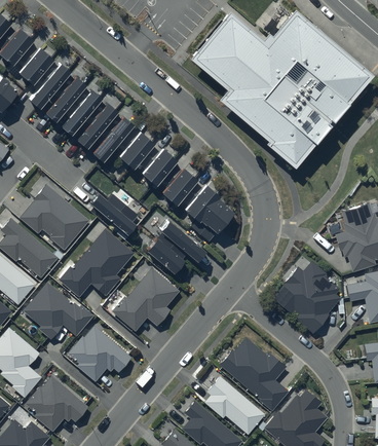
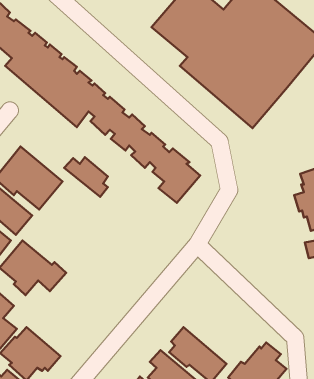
building: [146,220,209,274] -> none
building: [60,230,136,298] -> none
building: [272,260,340,333] -> none
building: [111,266,179,331] -> none
building: [68,325,131,381] -> none
building: [219,336,288,411] -> none

